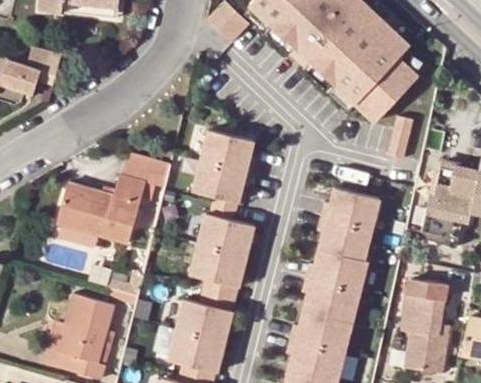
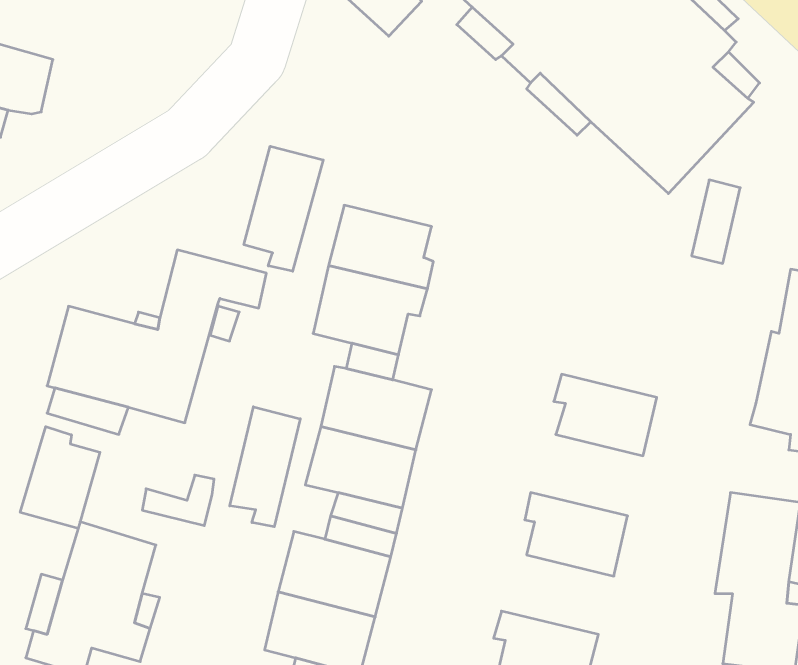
building: none -> [244,146,323,271]
building: [322,188,379,230] -> none
building: none -> [230,407,300,527]
building: none -> [20,427,100,528]
building: [306,249,364,291] -> none
building: [291,311,349,352] -> none

